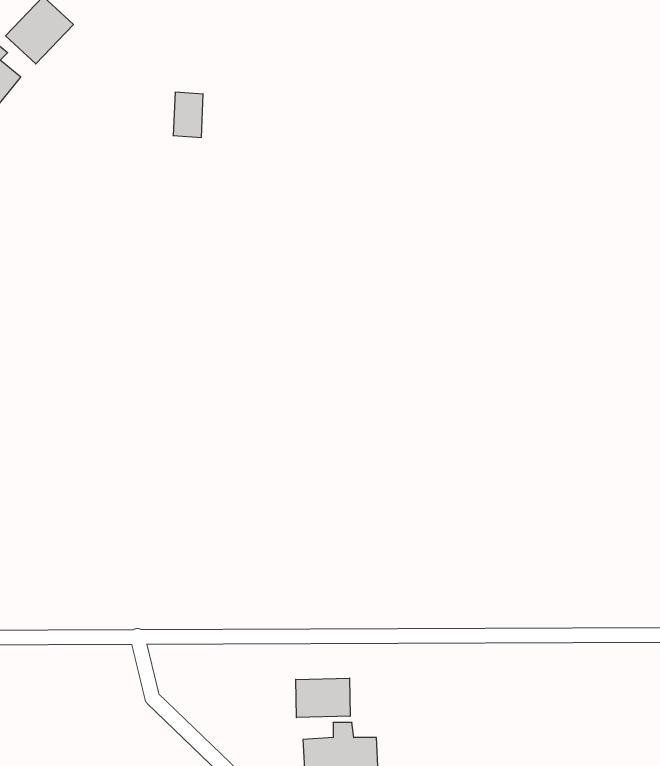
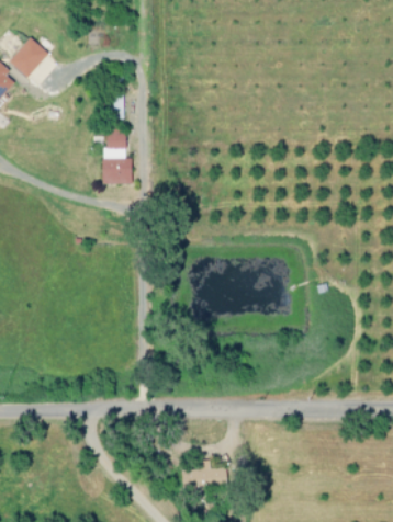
building: none -> [102,128,130,183]
building: [296,678,350,718] -> none

